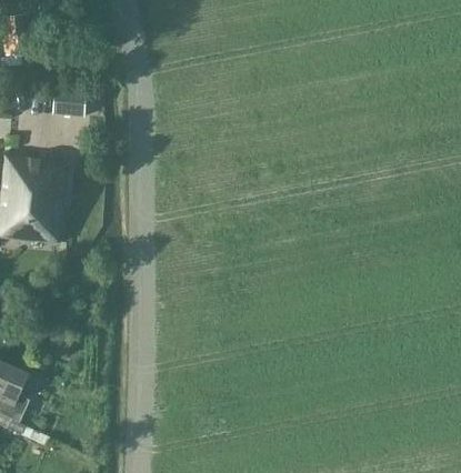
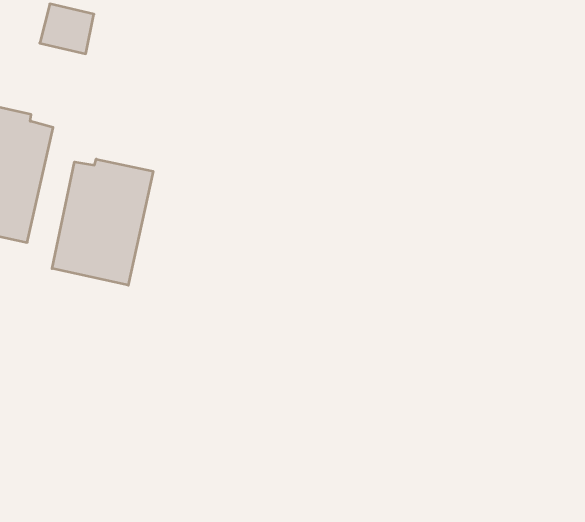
building: none -> [52,159,153,285]

